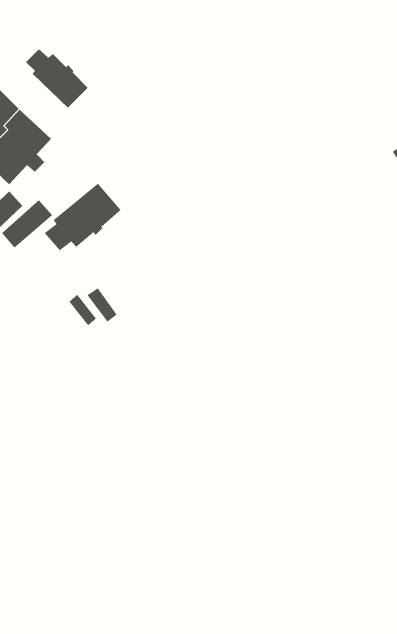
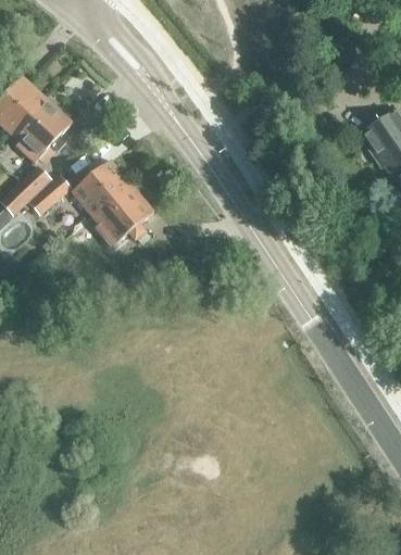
building: [25,48,89,109] -> none
building: none -> [92,182,154,253]

